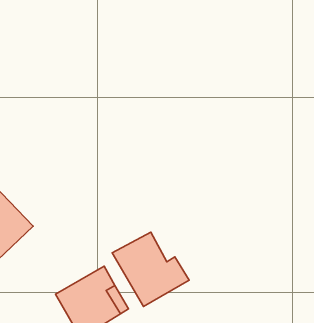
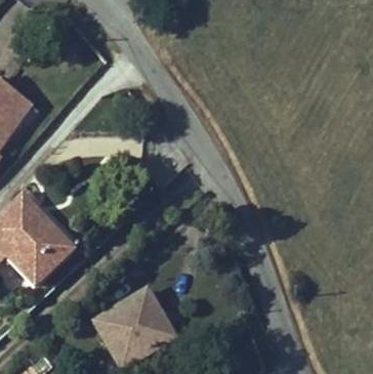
building: [112,232,189,307] -> none

